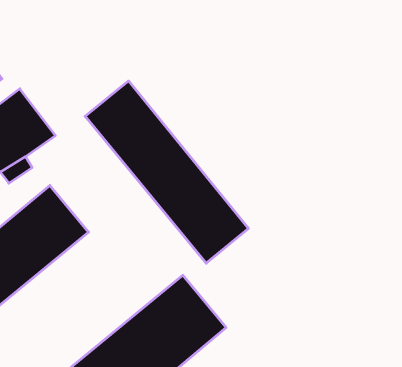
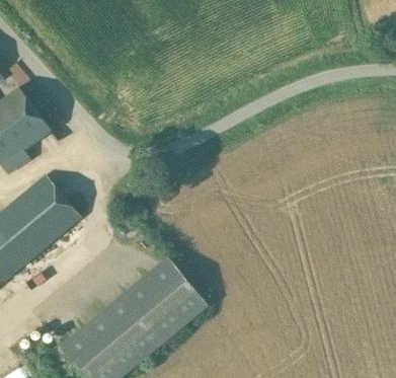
building: [85,81,248,263] -> none

